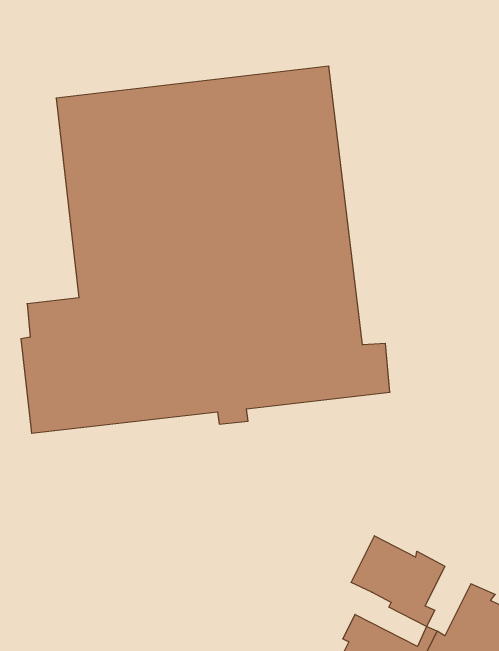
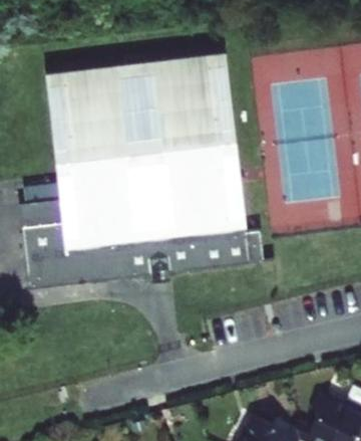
building: [351,536,445,627] -> none

